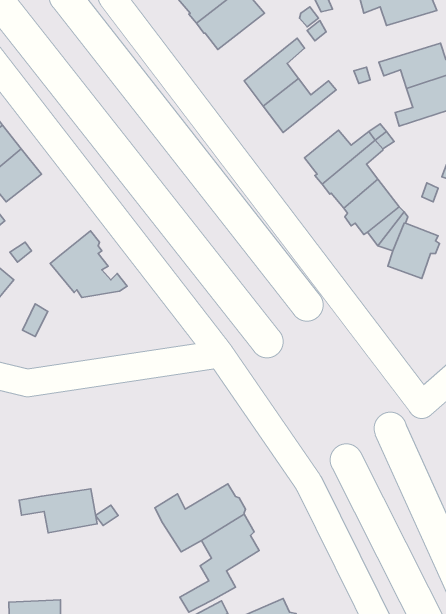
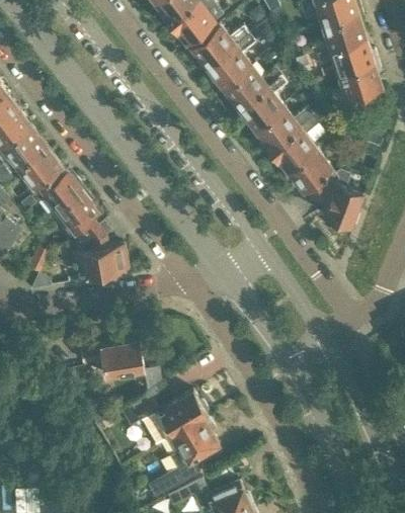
building: none -> [313,12,366,54]
building: none -> [190,25,250,69]
building: none -> [239,76,289,131]
building: none -> [16,144,62,188]
building: none -> [42,170,84,210]
building: none -> [72,238,128,281]
building: [19,489,97,533] -> [82,343,145,378]

